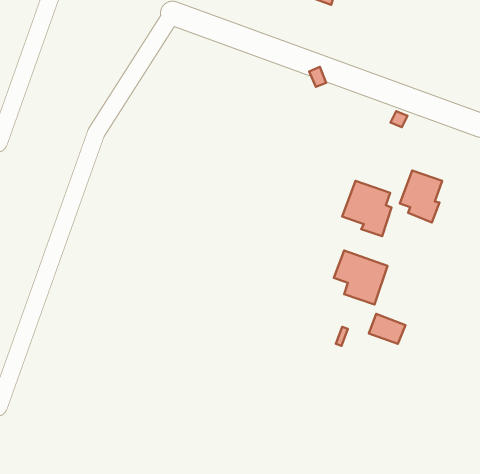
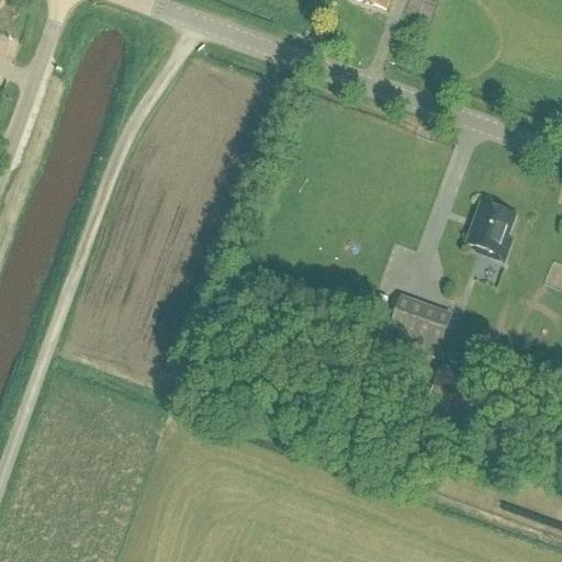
building: [342,181,392,236] -> none

